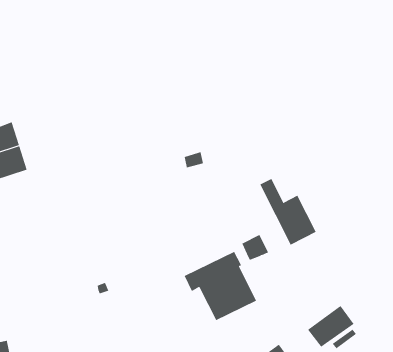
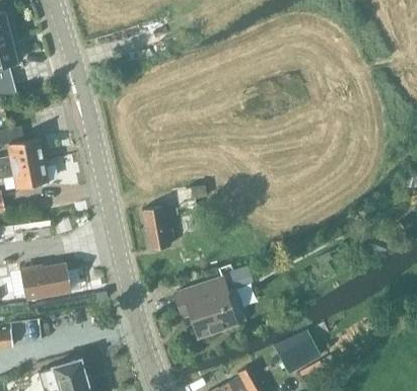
building: [260,178,316,245] -> none
building: none -> [142,207,173,250]
building: none -> [21,264,69,299]

